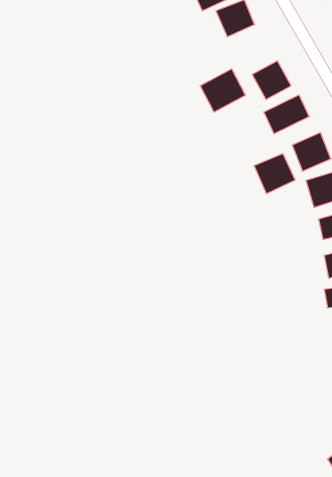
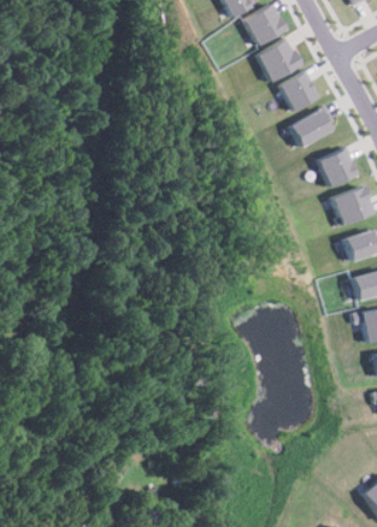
building: [200,69,246,112] -> [254,36,302,82]
building: [254,154,295,194] -> none

